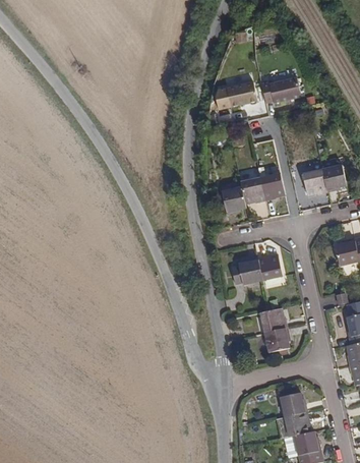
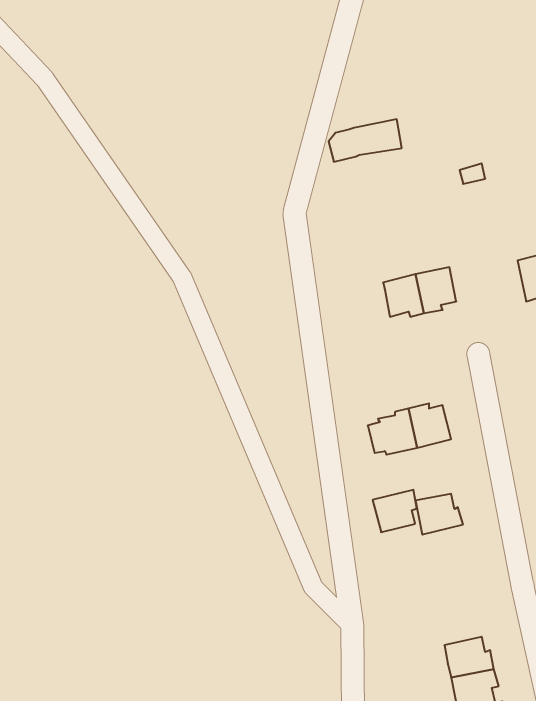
building: [257,80,296,105] -> none
building: [301,168,326,193] -> none
building: [222,185,246,213] -> none
building: [264,326,291,351] -> [373,490,417,532]

